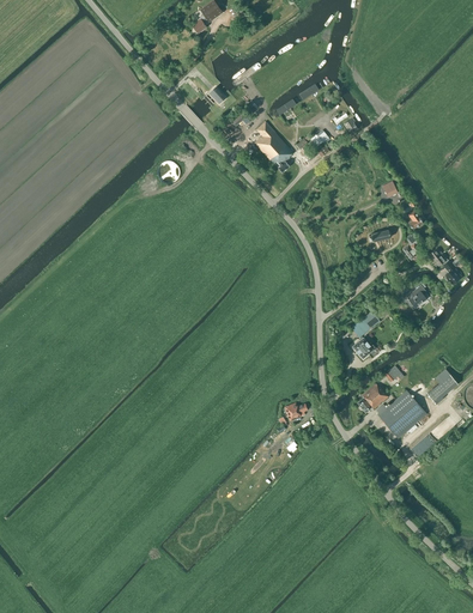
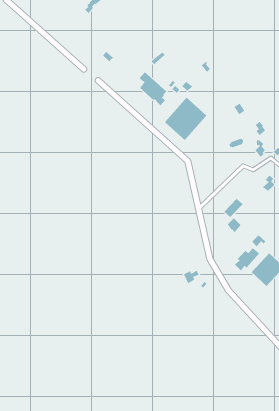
building: none -> [164,97,207,141]

